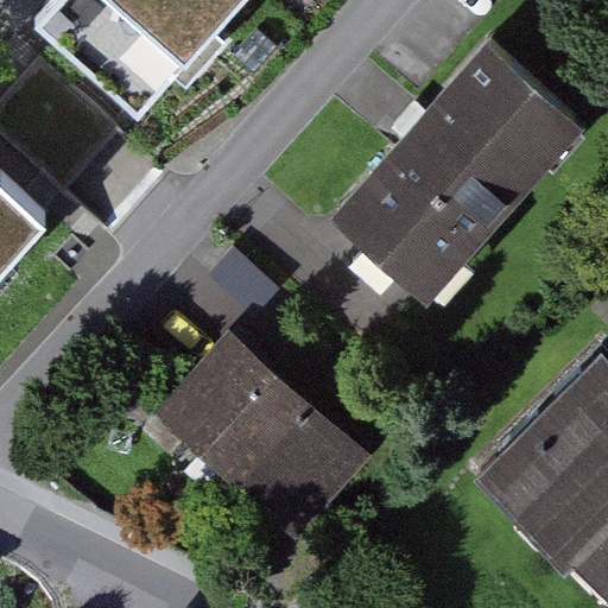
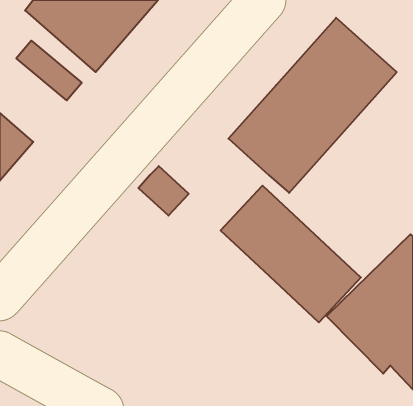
building: none -> [221,186,361,322]
building: [169,342,379,546] -> none

